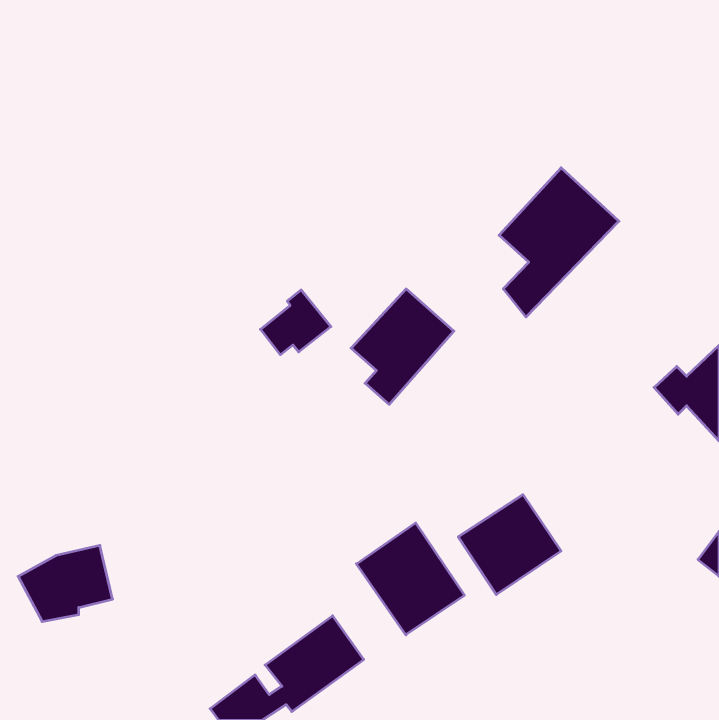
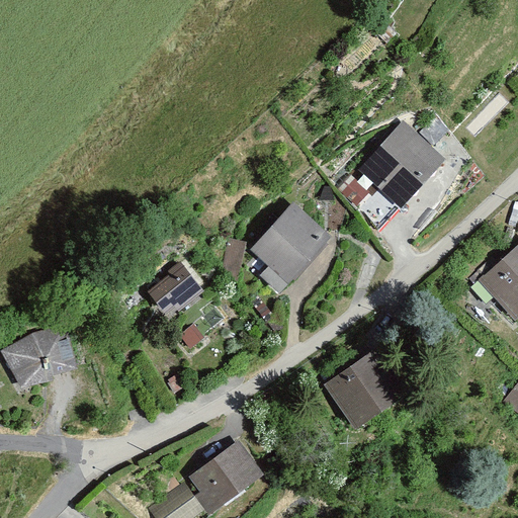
building: [260,290,331,355] -> [151,264,201,311]
building: [356,523,464,635] -> none
building: [18,545,113,622] -> [5,329,73,383]

